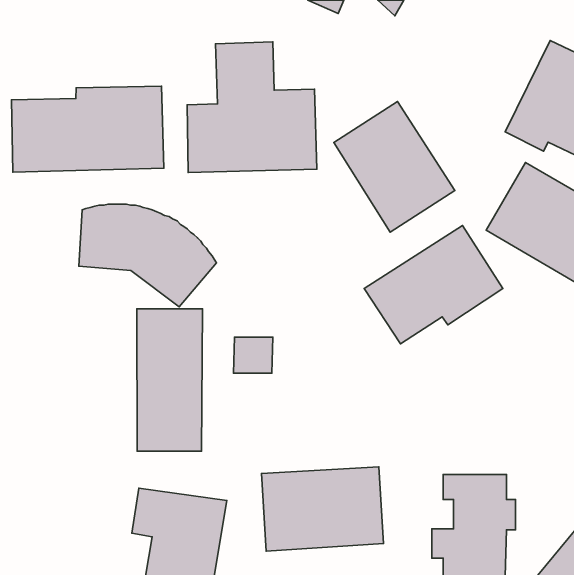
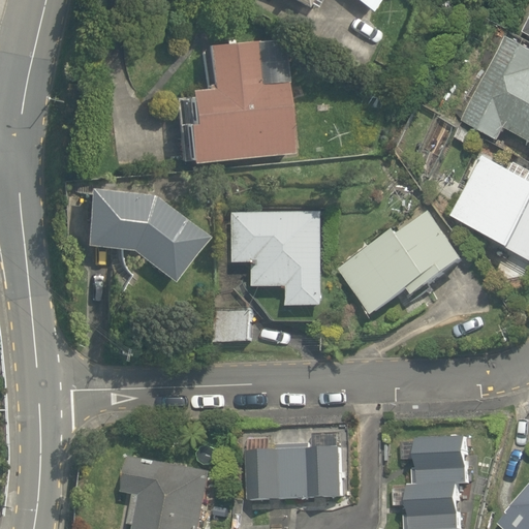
building: [12,86,164,172] -> none
building: [334,101,455,232] -> none
building: none -> [230,213,323,313]
building: [137,309,203,451] -> none

